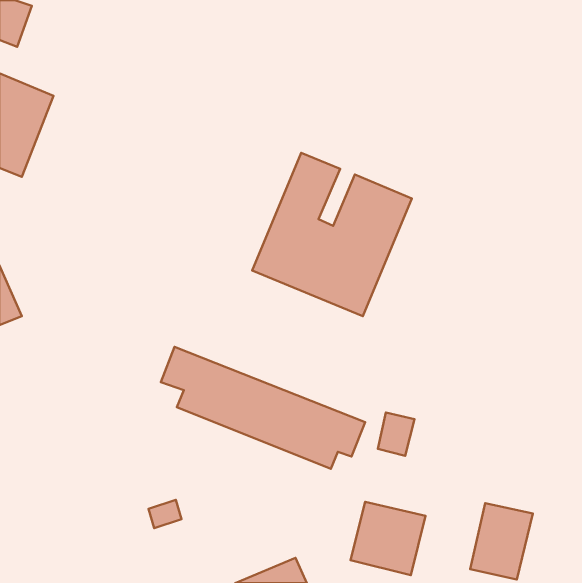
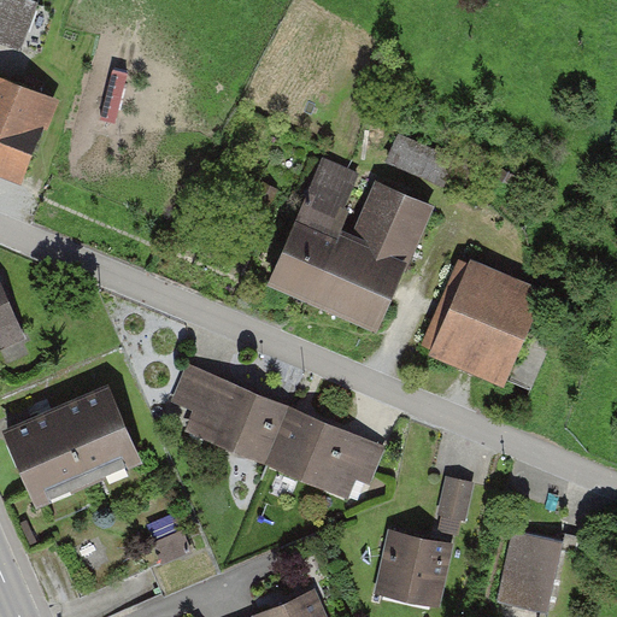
building: none -> [419,253,541,384]
building: none -> [5,386,142,505]
building: [378,412,414,456] -> [434,475,472,521]

